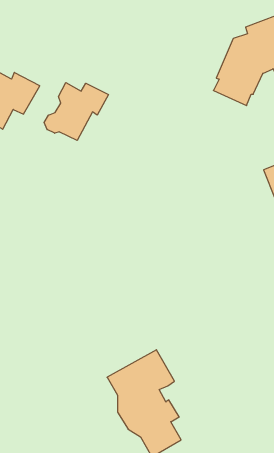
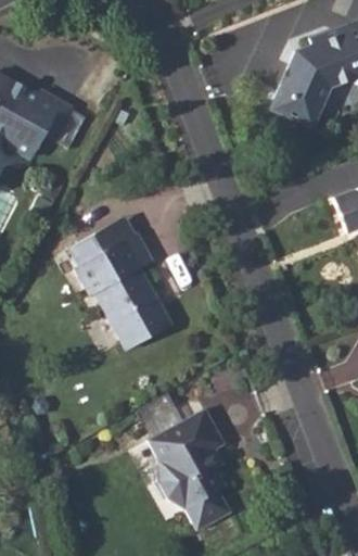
building: [44,83,108,140] -> none
building: none -> [69,230,174,348]

